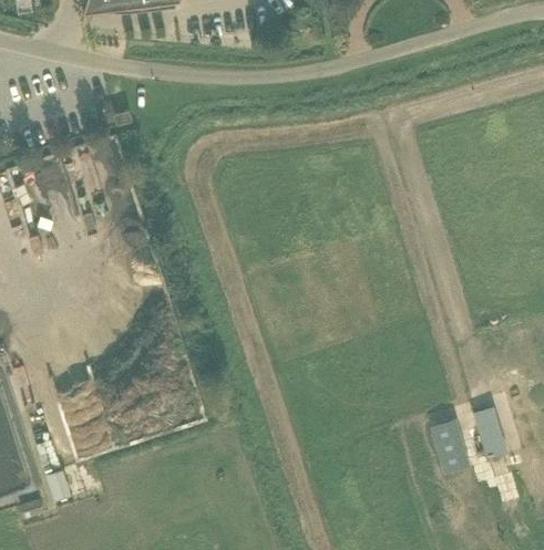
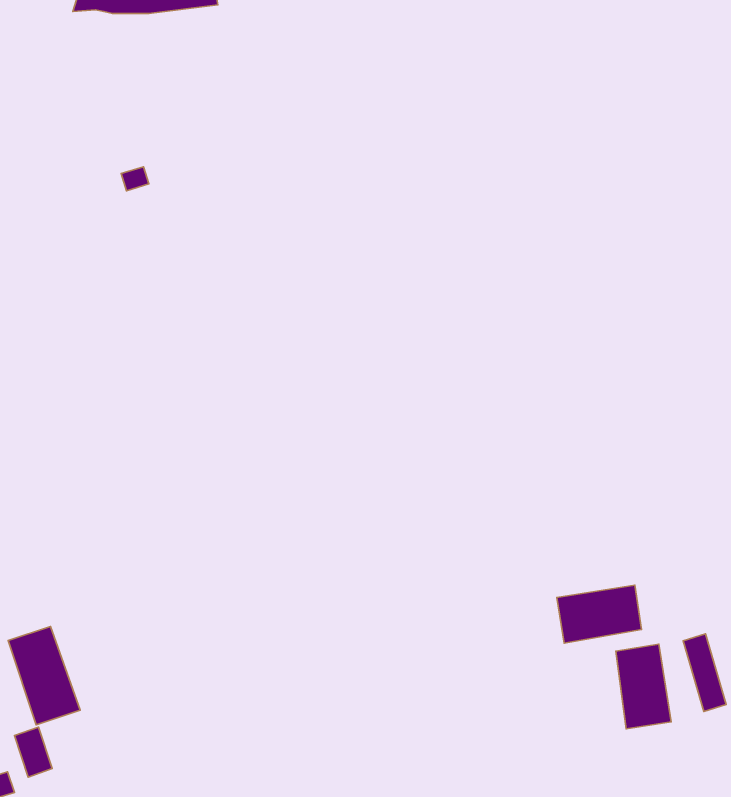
building: none -> [557,585,642,643]
building: none -> [8,627,80,725]

